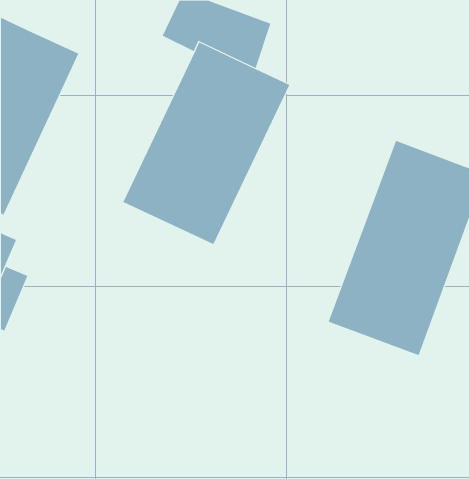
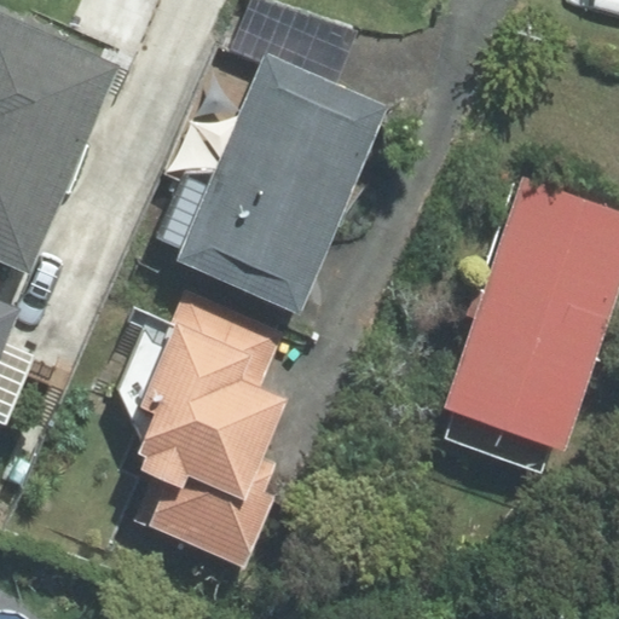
building: none -> [122,293,290,571]

